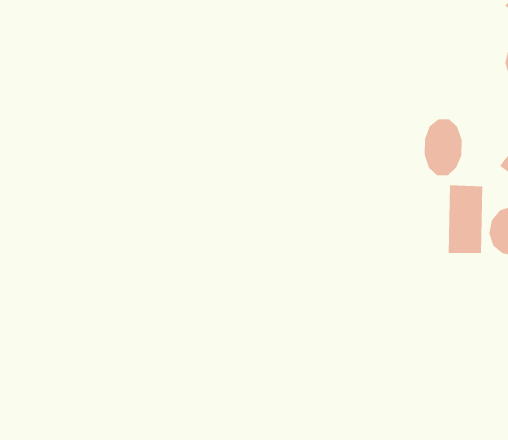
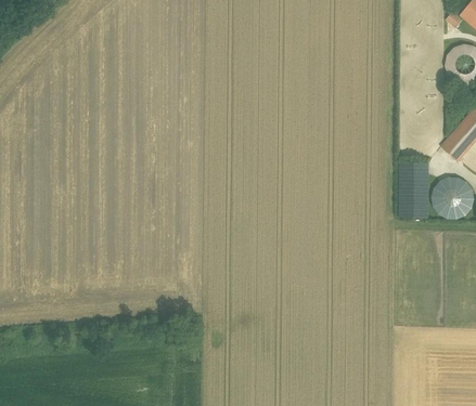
building: [424,118,462,176] -> none

